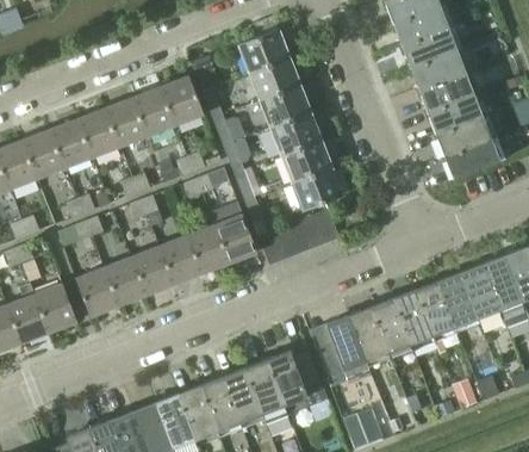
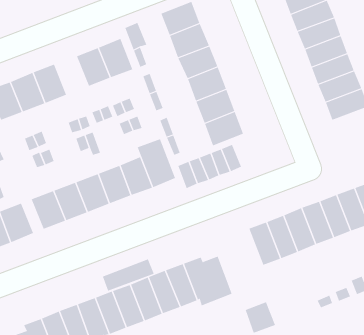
building: [105,99,148,148] -> none
building: [318,316,372,383] -> none
building: none -> [102,258,154,291]

